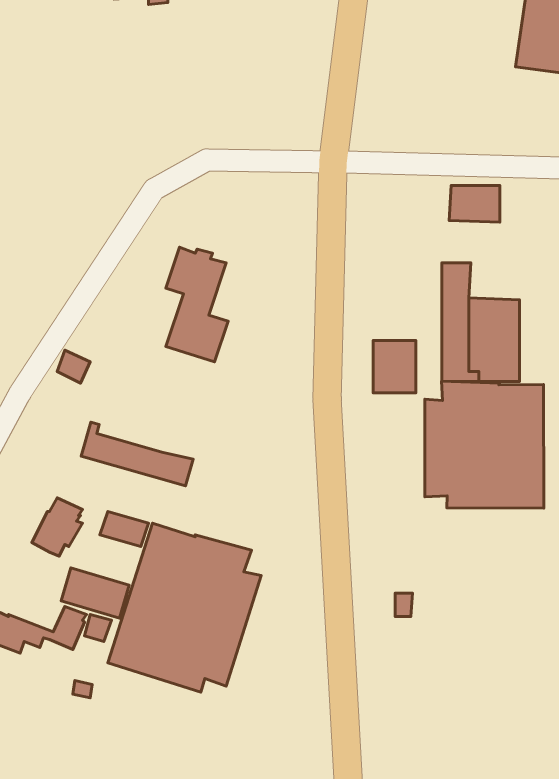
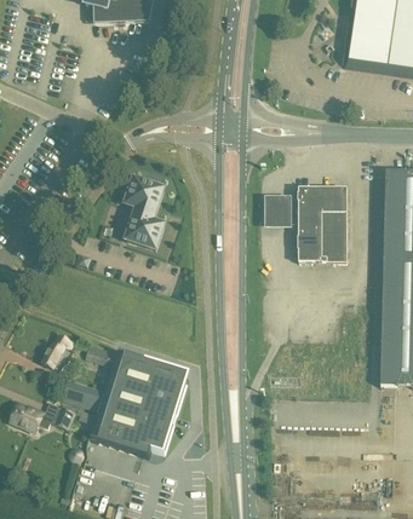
building: [449,185,500,222] -> [315,186,346,209]
building: [373,340,416,393] -> [264,194,291,226]
building: [425,381,544,508] -> none
building: [81,422,193,486] -> none

